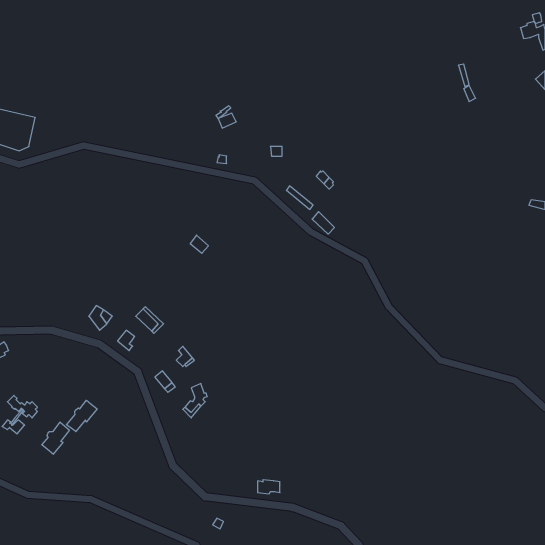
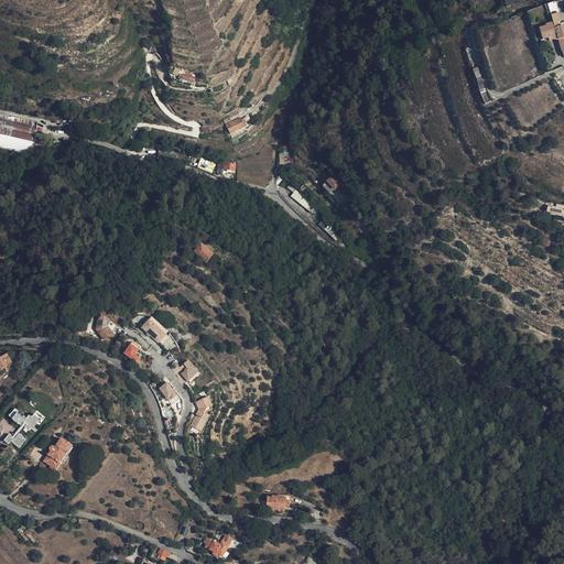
building: [66,400,97,432] -> none

